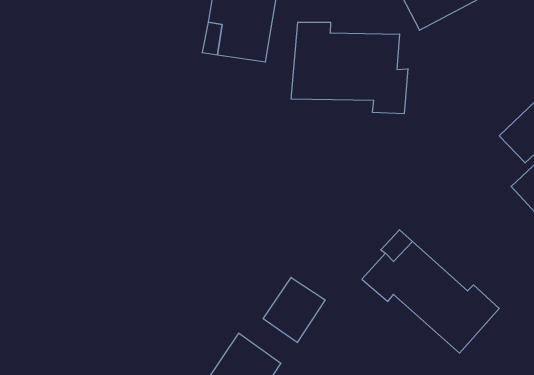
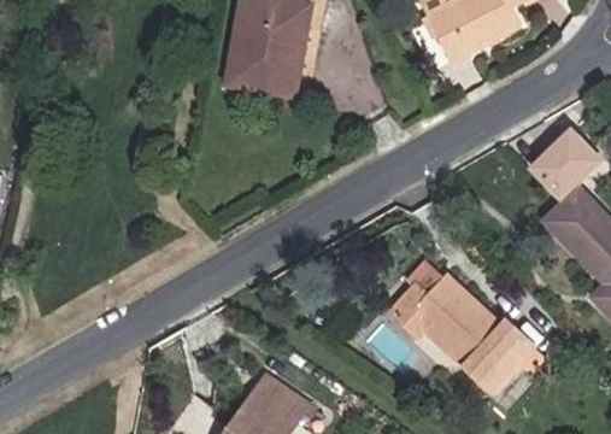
building: [291,22,408,114] -> none
building: [263,277,325,343] -> none

